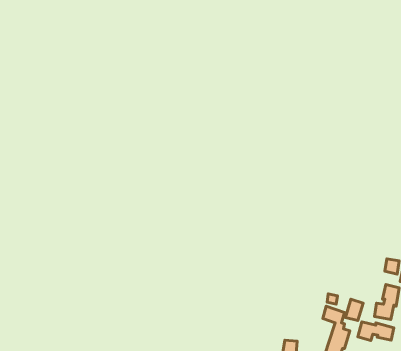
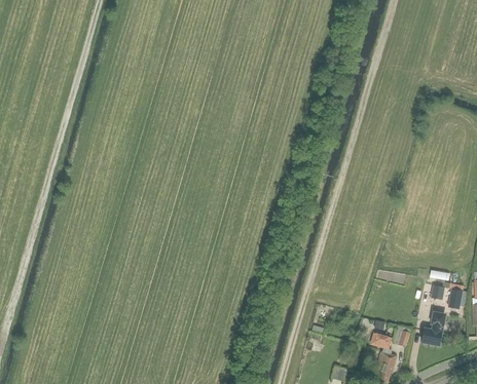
building: [358,322,394,341] -> none

